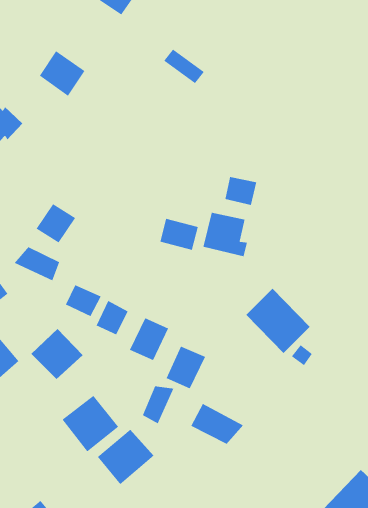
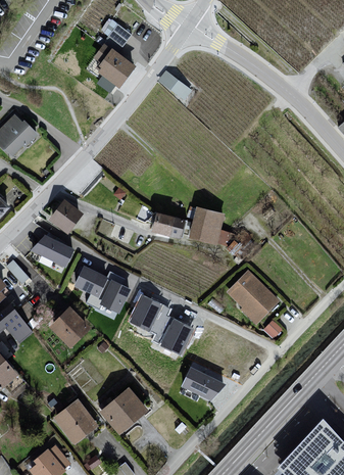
building: [39,50,85,97] -> [98,49,137,88]
building: [225,176,257,206] -> none
building: [142,385,174,425] -> none
building: [61,395,119,453] -> [51,399,99,447]

